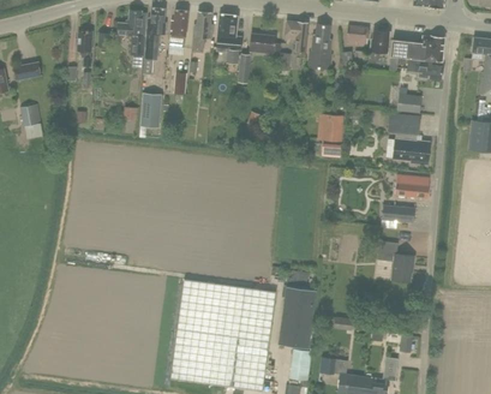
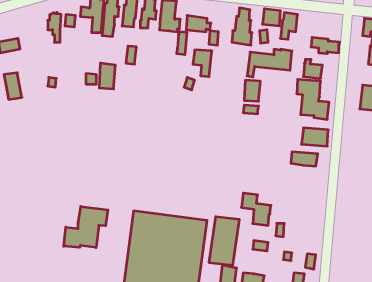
building: [285,20,309,54] -> [193,50,212,77]
building: [389,35,445,70] -> [247,49,292,77]
building: [377,240,414,281] -> [241,193,271,225]
building: none -> [64,206,108,248]

